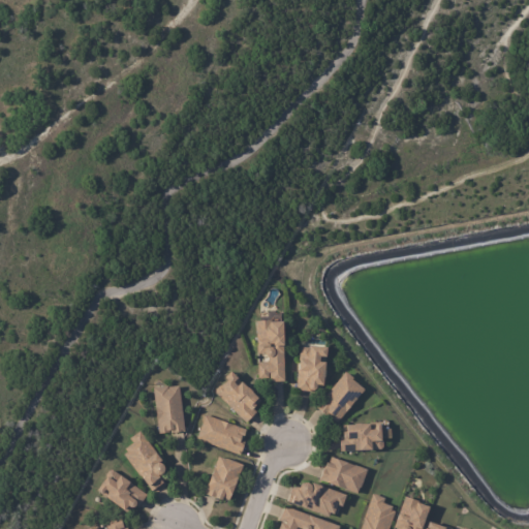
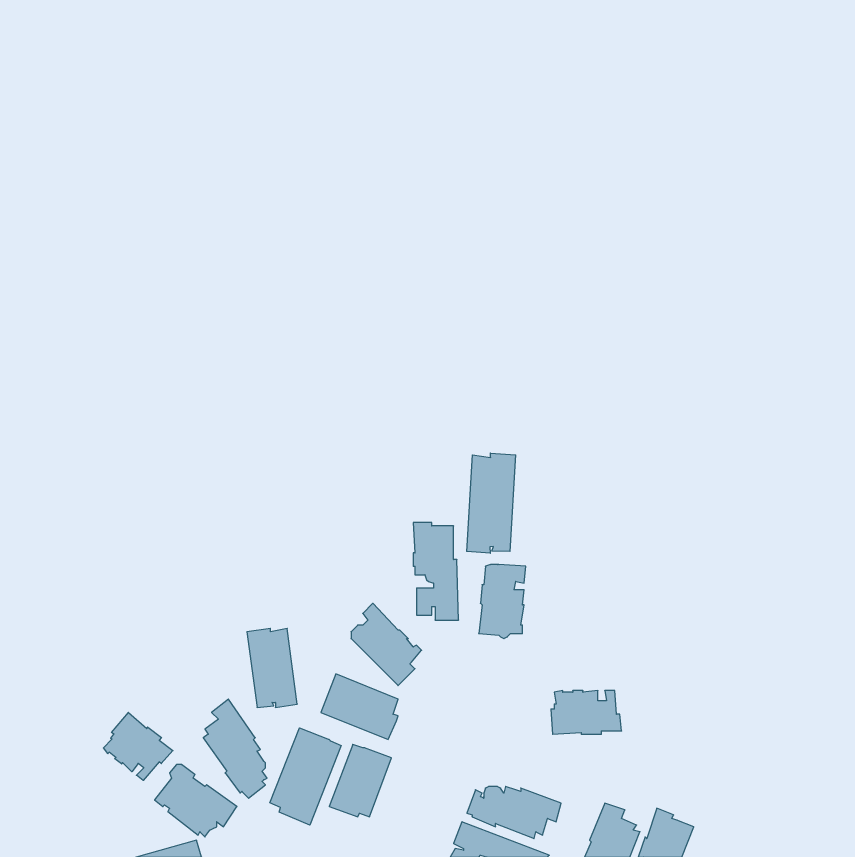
building: none -> [467,453,516,553]
building: [317,372,366,424] -> none
building: none -> [103,712,173,780]
building: none -> [270,728,341,825]
building: [321,458,369,494] -> none

